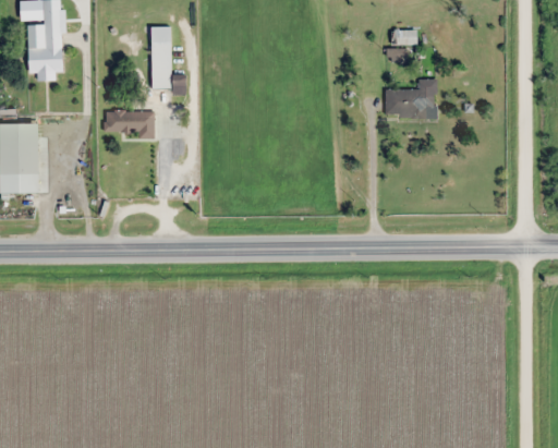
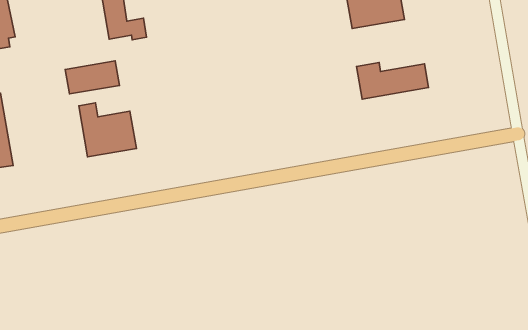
building: none -> [79,103,136,157]
building: none -> [356,63,429,99]

